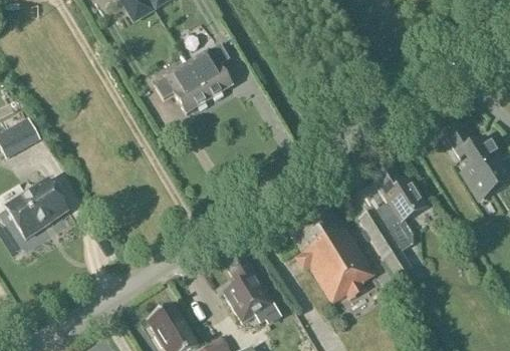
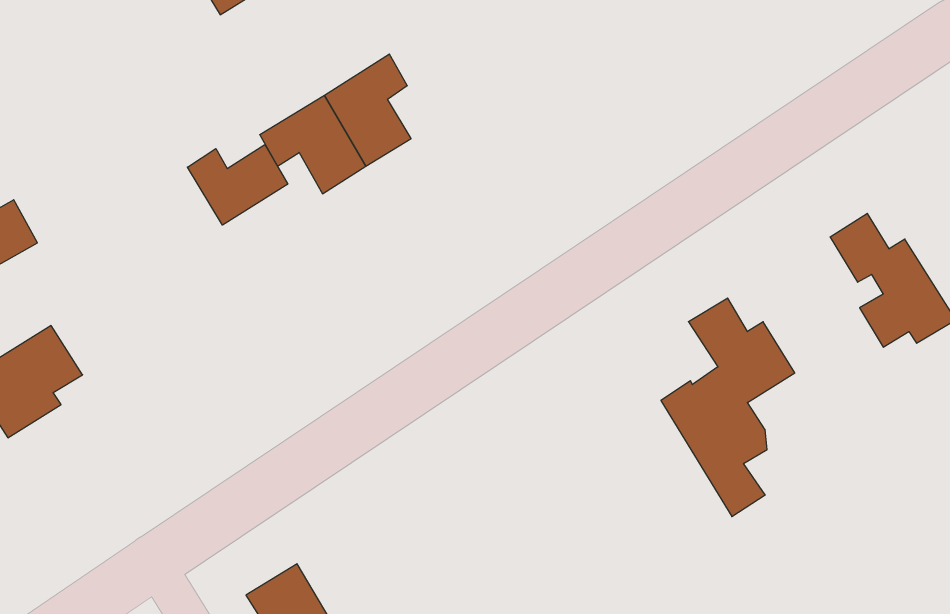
building: none -> [187,144,288,225]
building: [289,204,374,301] -> none
building: [224,258,273,322] -> none

